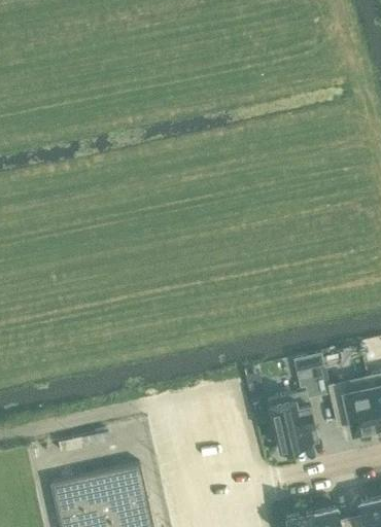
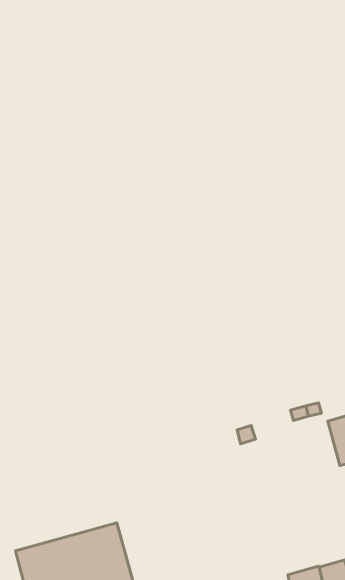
building: [267,392,315,454] -> none

